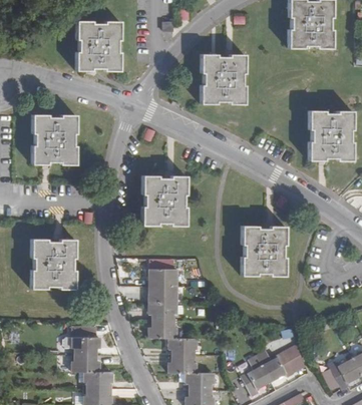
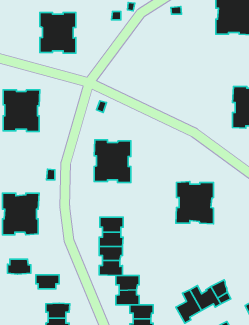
building: [202,54,245,103] -> none
building: [72,354,100,372] -> [7,259,31,274]

